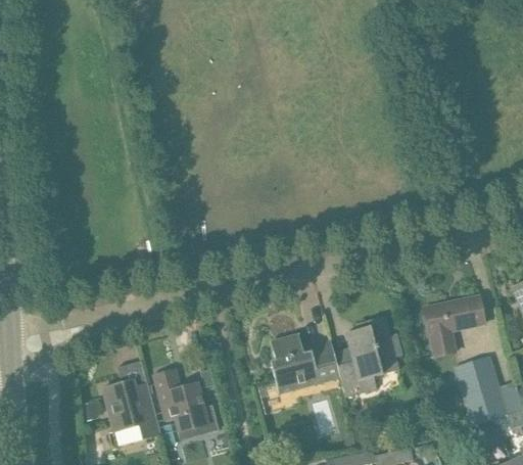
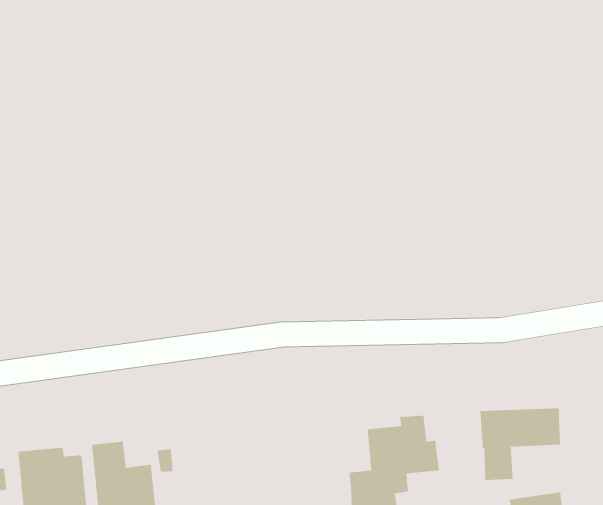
building: [271,333,341,392] -> none

